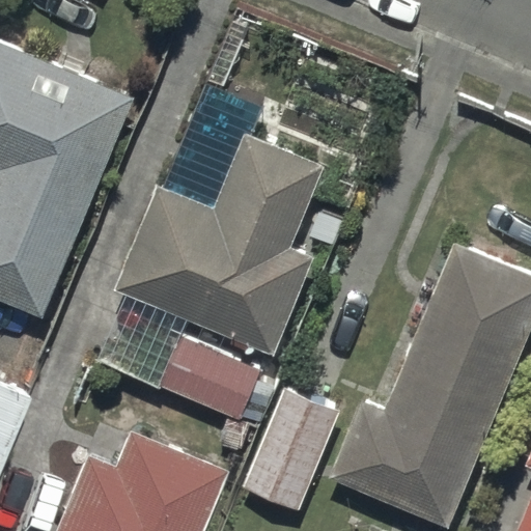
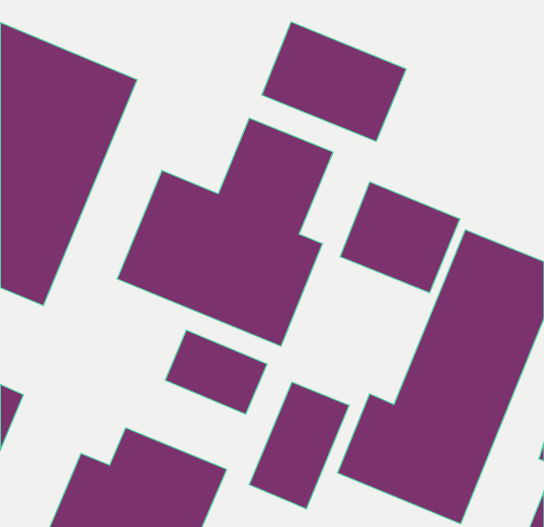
building: none -> [262,22,406,141]
building: none -> [340,182,460,293]

